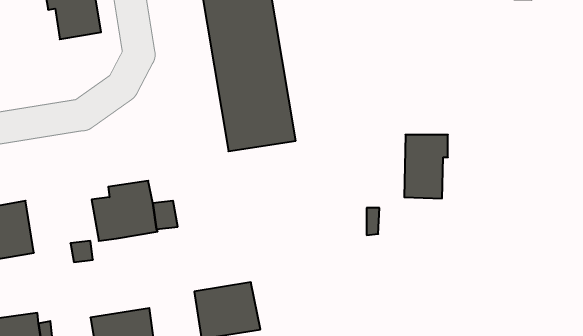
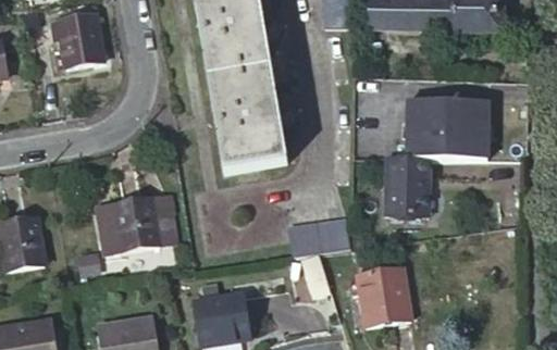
building: none -> [407,98,488,158]
building: none -> [286,220,348,259]
building: none -> [357,265,409,324]

